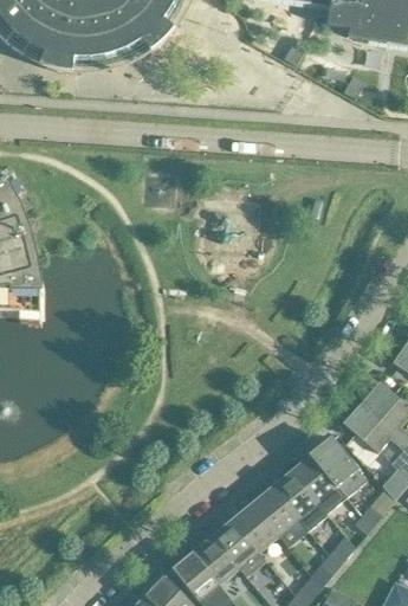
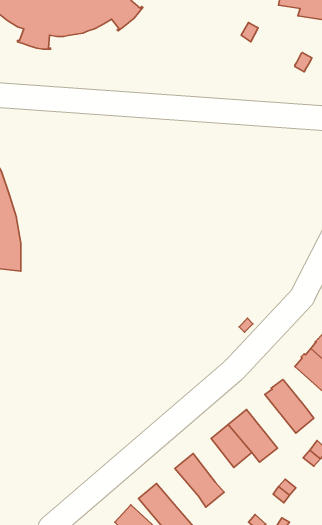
building: [292,453,347,512] -> none
building: [233,502,278,550] -> none
building: [193,535,239,582] -> none

